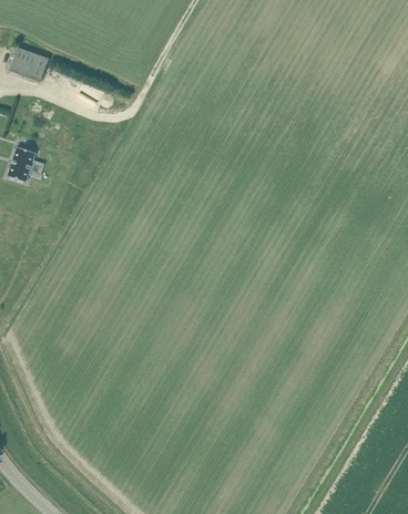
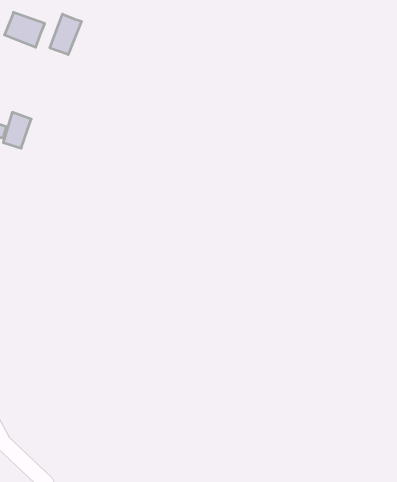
building: none -> [50,14,81,55]

